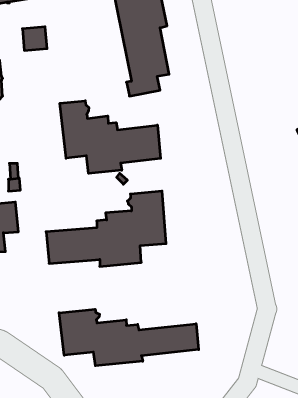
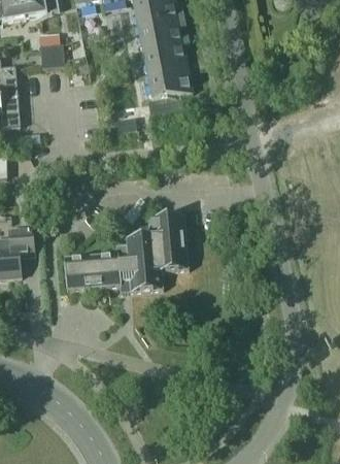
building: [60,101,161,173] -> none
building: [59,309,199,366] -> none

